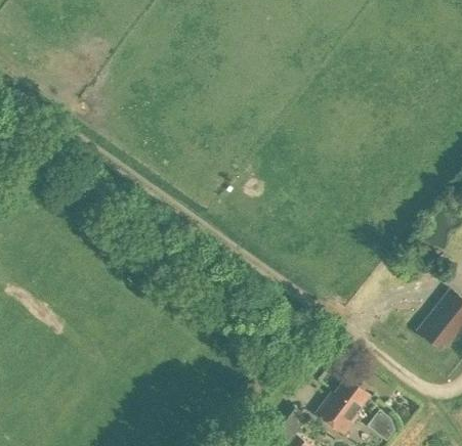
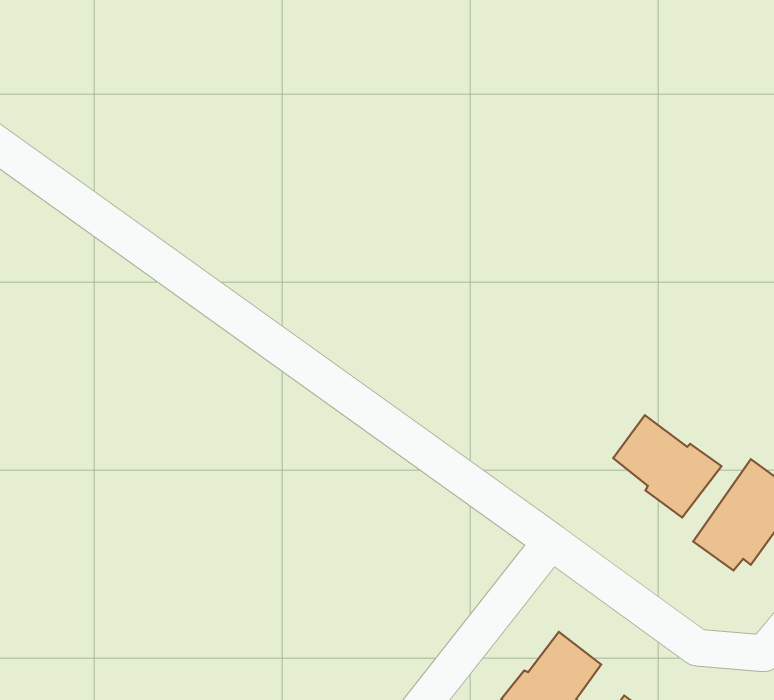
building: none -> [613,415,721,517]

